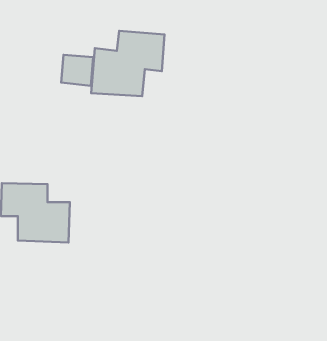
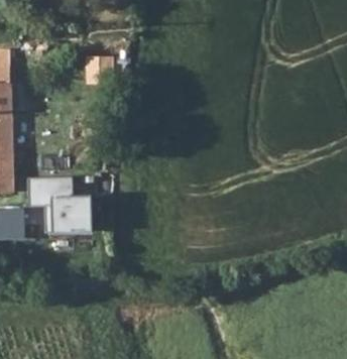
building: [91,31,164,96] -> none

